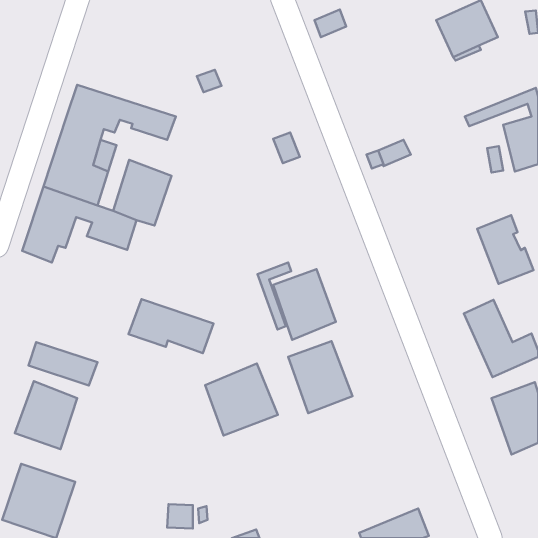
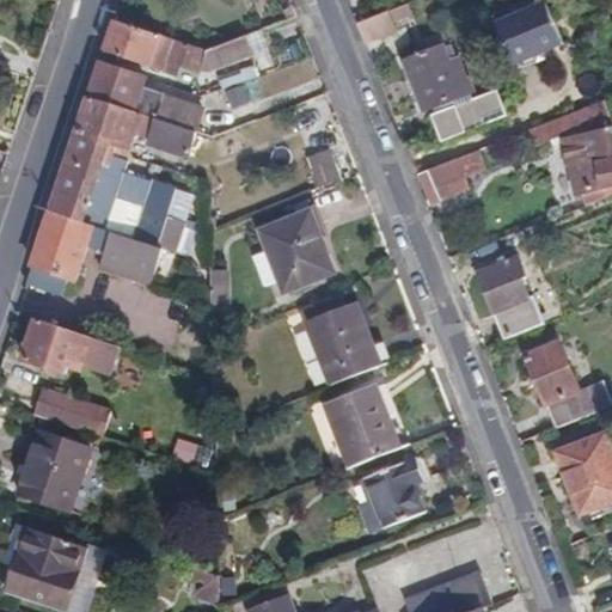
building: none -> [103,20,262,72]
building: none -> [403,47,506,140]
building: none -> [87,61,207,131]
building: none -> [262,209,336,288]
building: [477,215,533,284] -> [478,258,541,336]
building: [129,299,213,353] -> [23,319,118,380]
building: [205,363,278,436] -> none
building: none -> [366,455,427,527]

